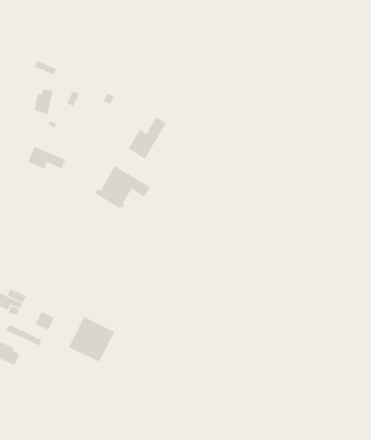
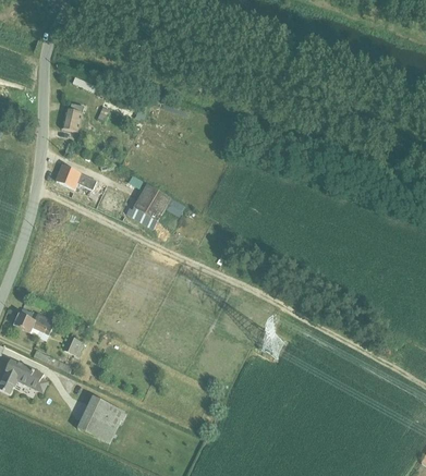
building: [128,117,167,160] -> none
building: [68,316,115,362] -> [75,394,124,442]

